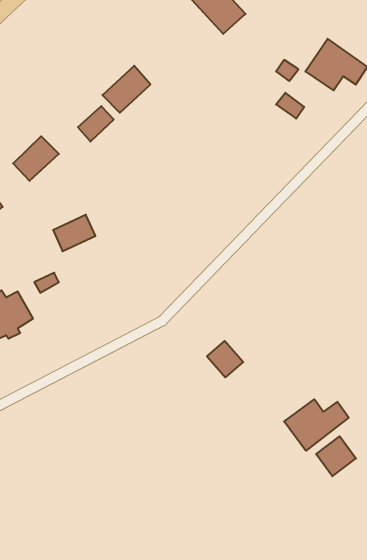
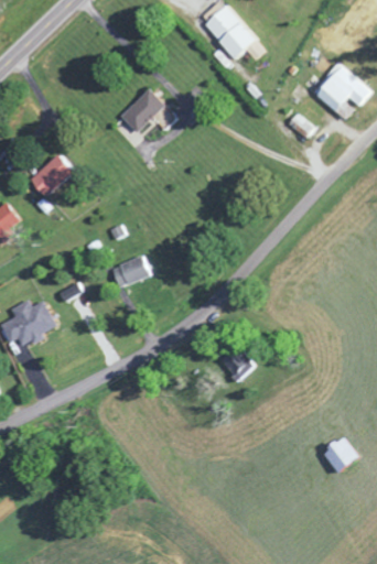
building: [78,106,114,142] -> none
building: [53,215,95,251] -> [110,254,150,289]
building: [284,399,349,451] -> none

